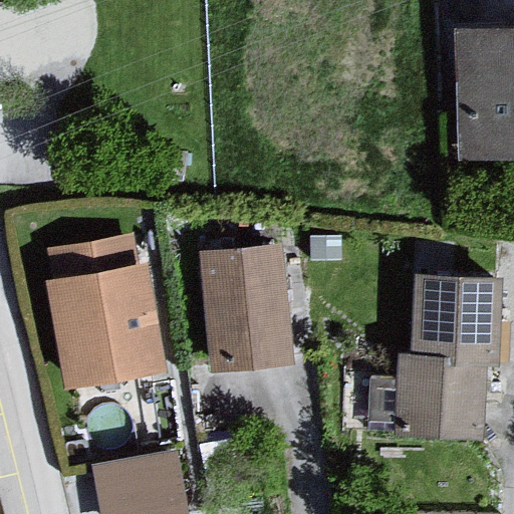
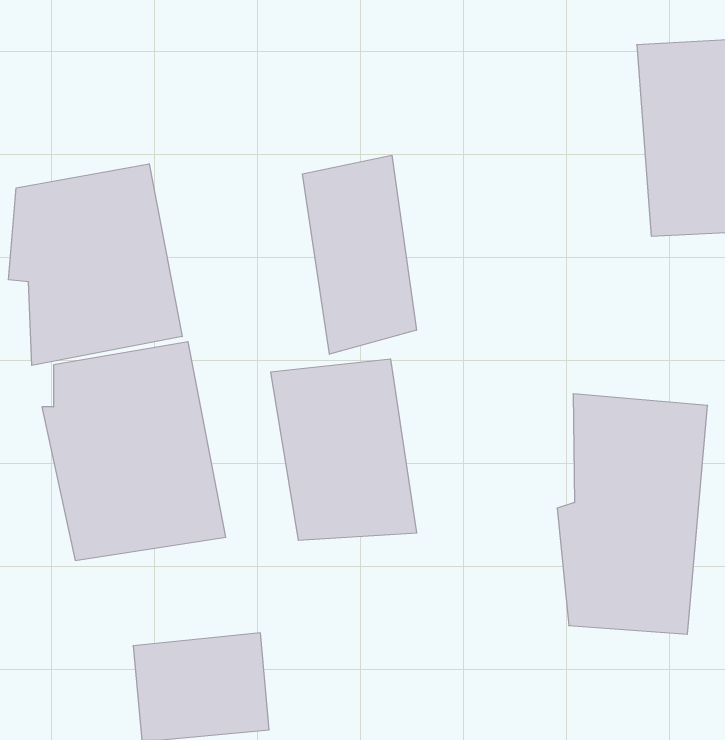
building: none -> [302,155,416,354]
building: none -> [9,164,182,365]

